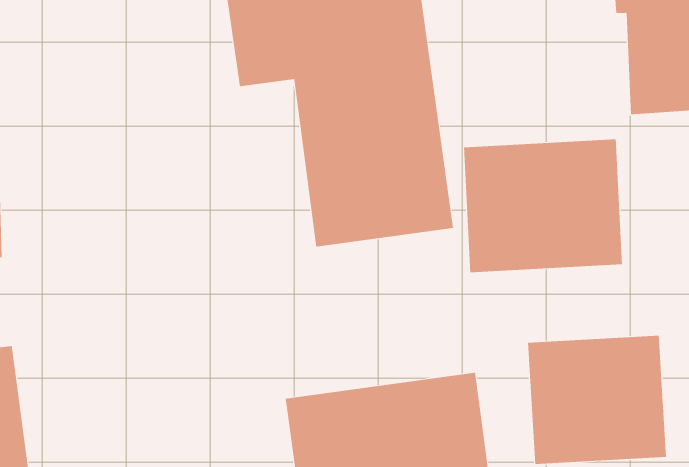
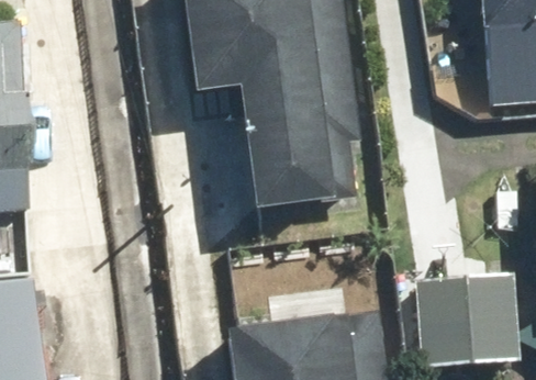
building: [463,138,622,273] -> none

